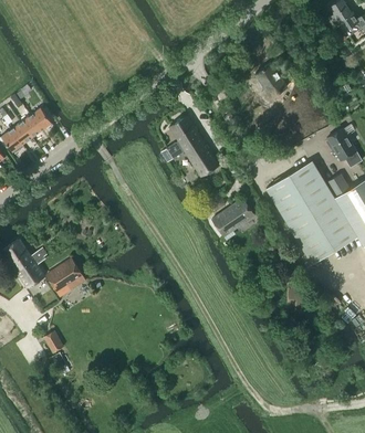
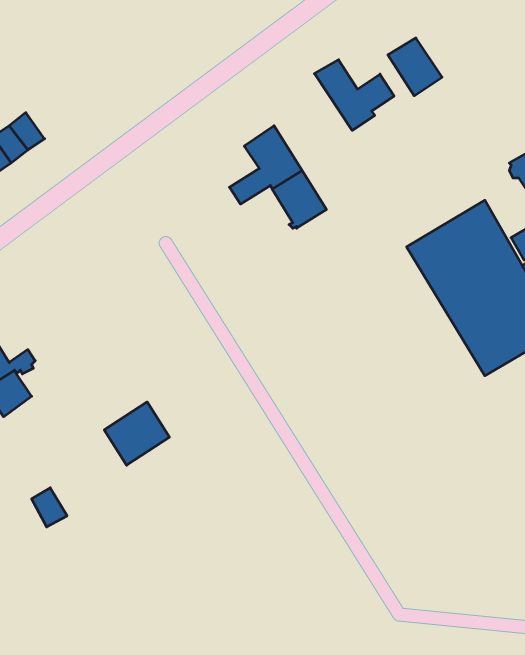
building: none -> [314,60,394,130]
building: [212,199,255,237] -> none
building: [46,260,85,297] -> [104,402,169,465]

